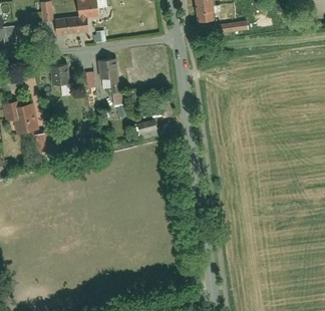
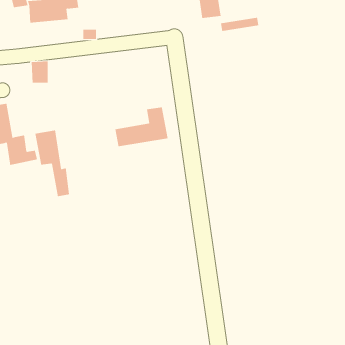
building: [97,57,127,114] -> [35,130,70,197]

